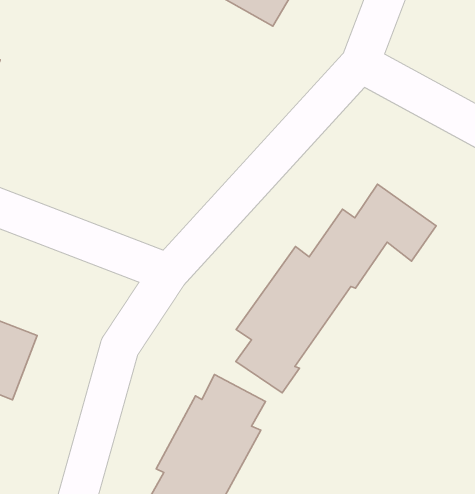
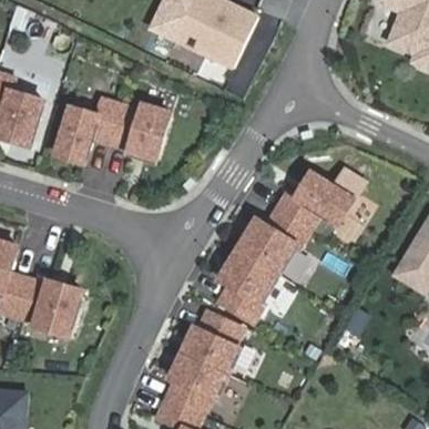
building: none -> [57,100,171,163]

